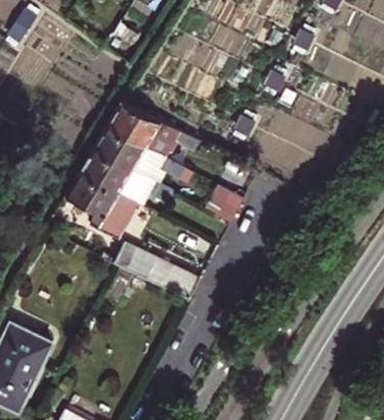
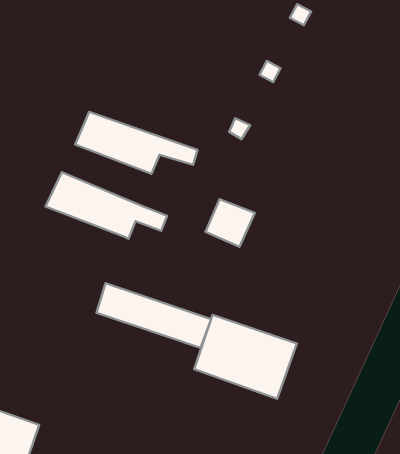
building: [96,127,183,182] -> none
building: [66,173,139,239] -> none
building: none -> [194,315,297,399]

